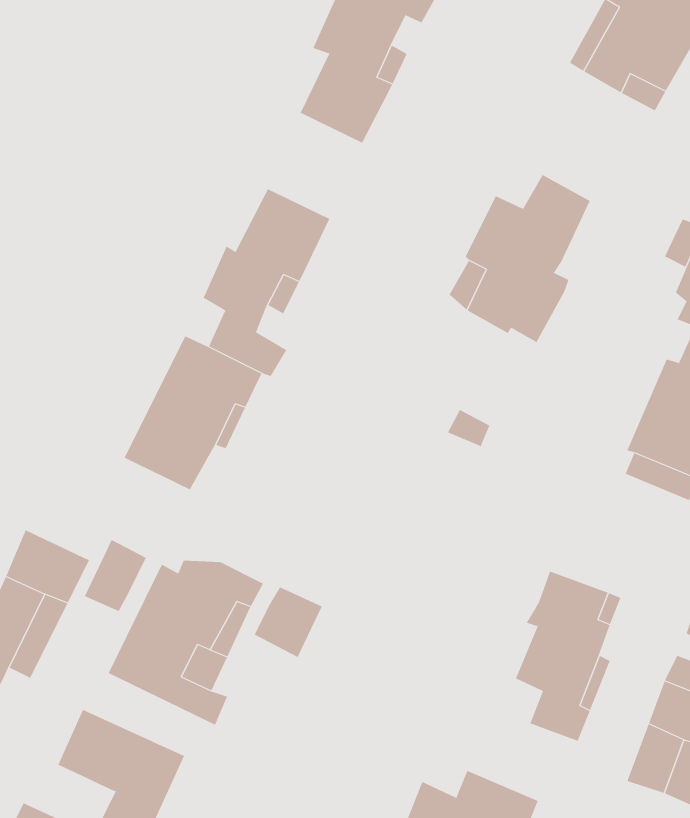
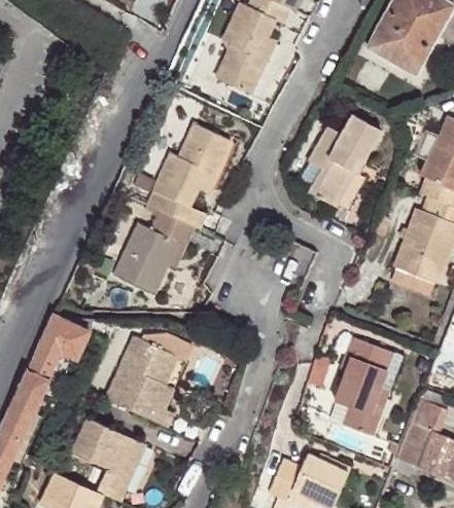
building: [84,539,147,612] -> none
building: [254,587,323,658] -> none

